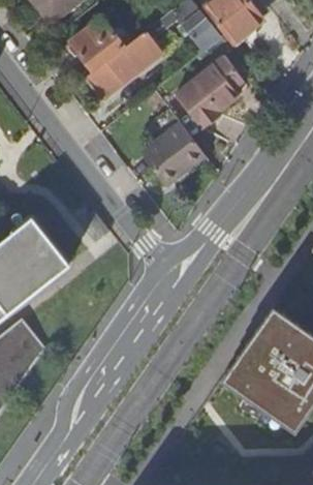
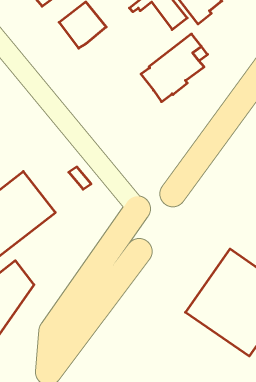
building: [88,35,164,104] -> none
building: [144,124,207,188] -> none

